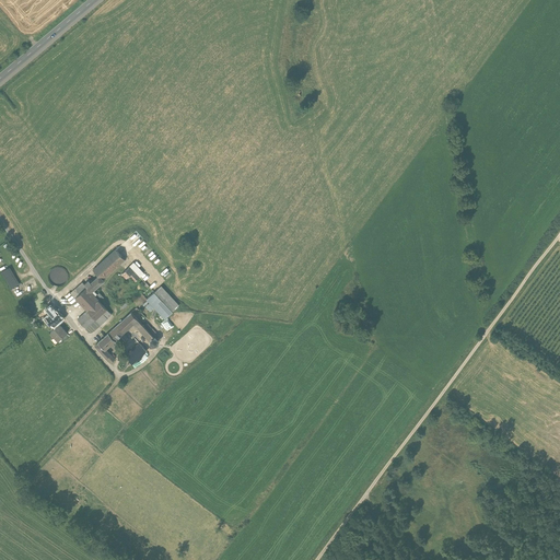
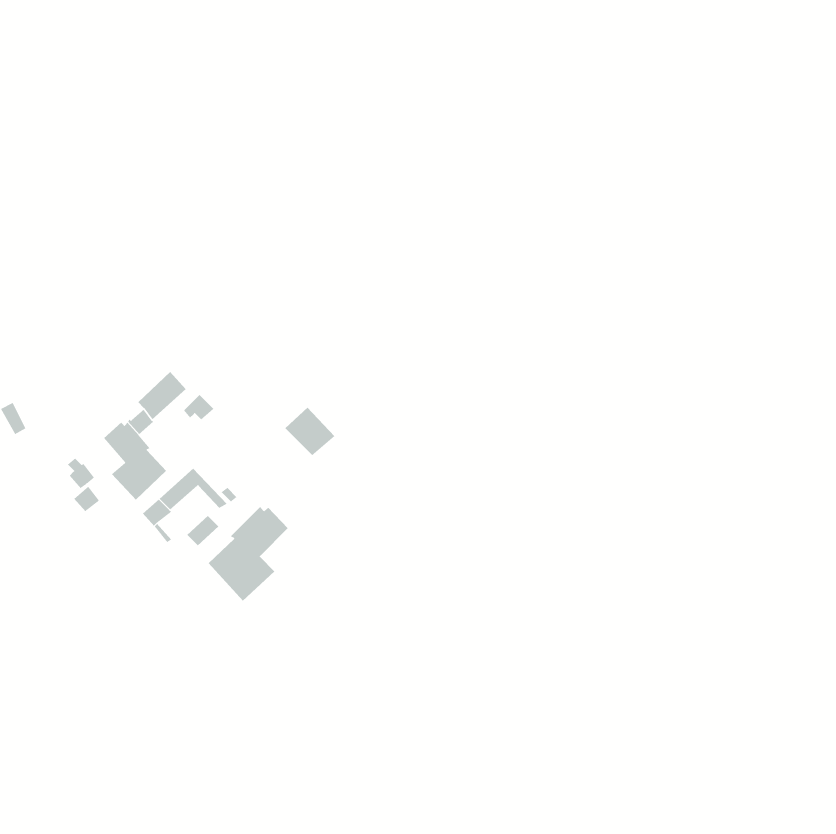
building: [145,285,179,318] -> [284,407,335,456]
building: none -> [208,506,289,601]

